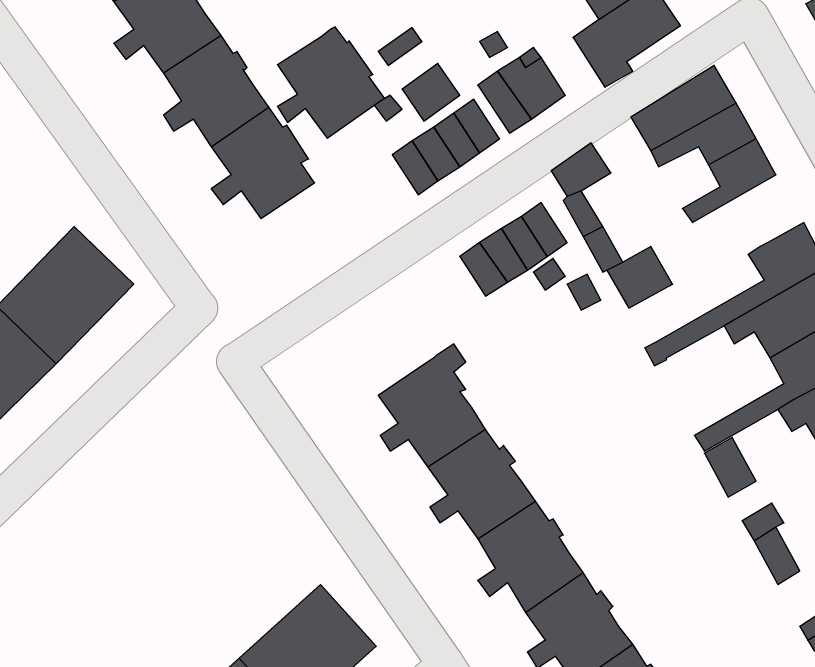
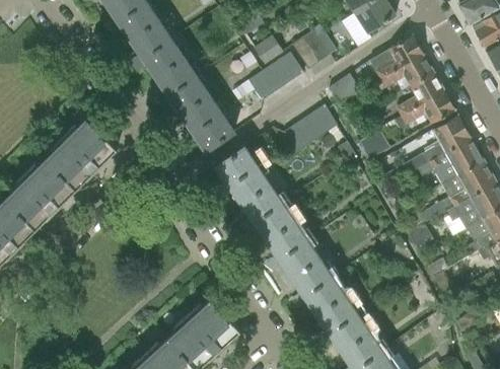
building: [277,27,385,138] -> [181,93,235,150]
building: none -> [394,90,454,127]
building: none -> [216,145,279,203]

